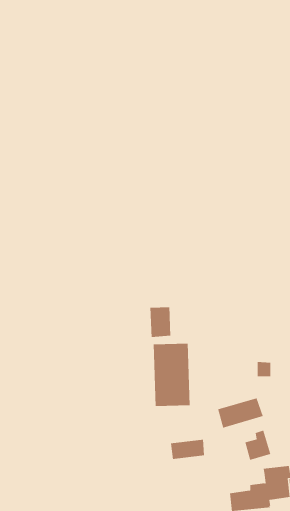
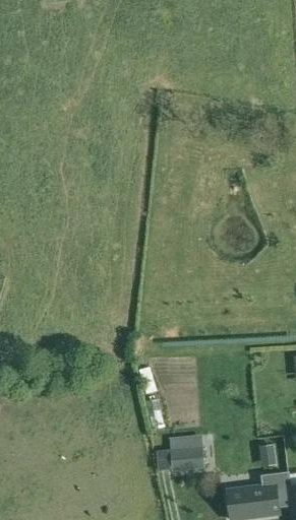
building: [150,306,171,338] -> none
building: [217,398,263,428] -> none

